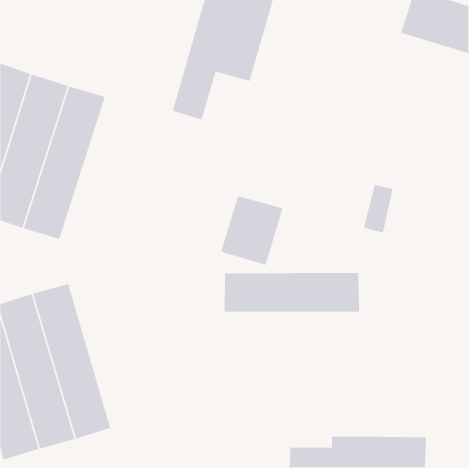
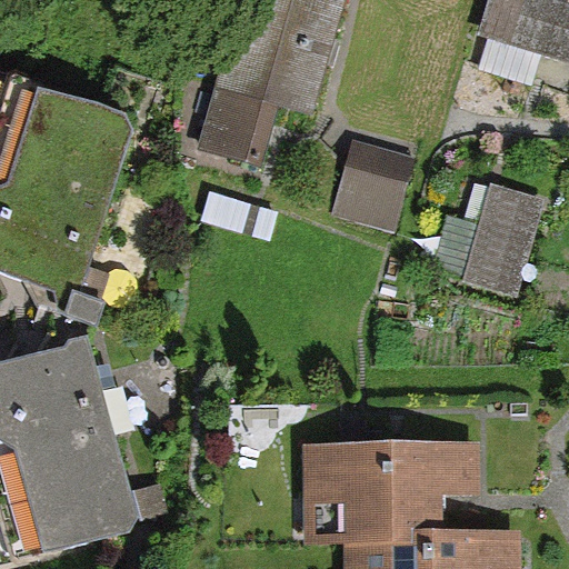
building: none -> [469,191,547,300]
building: [220,195,284,266] -> [339,143,416,229]
building: [224,272,360,312] -> none
building: none -> [312,446,471,540]

